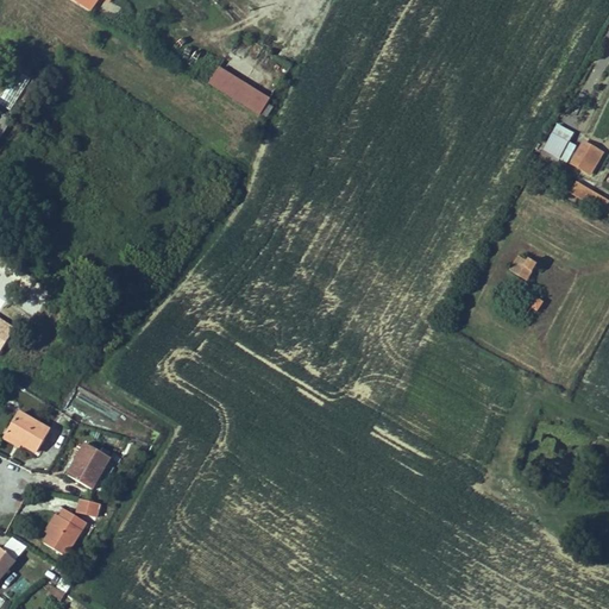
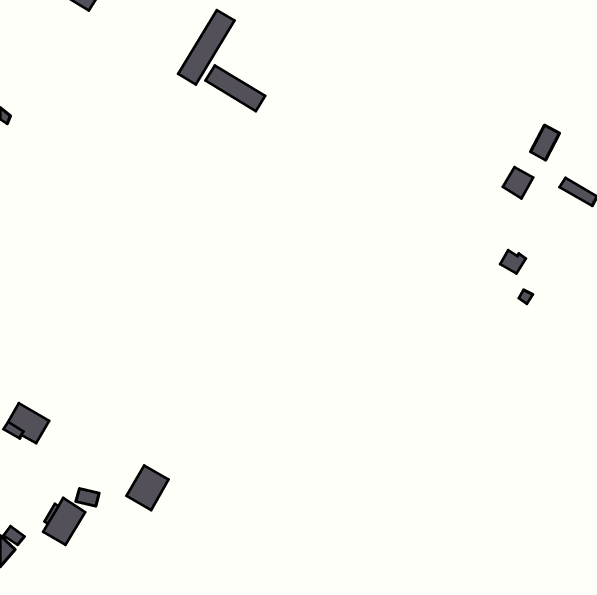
building: none -> [178,10,234,84]
building: [571,140,602,172] -> [503,167,533,199]
building: [68,442,111,488] -> [126,466,169,510]

